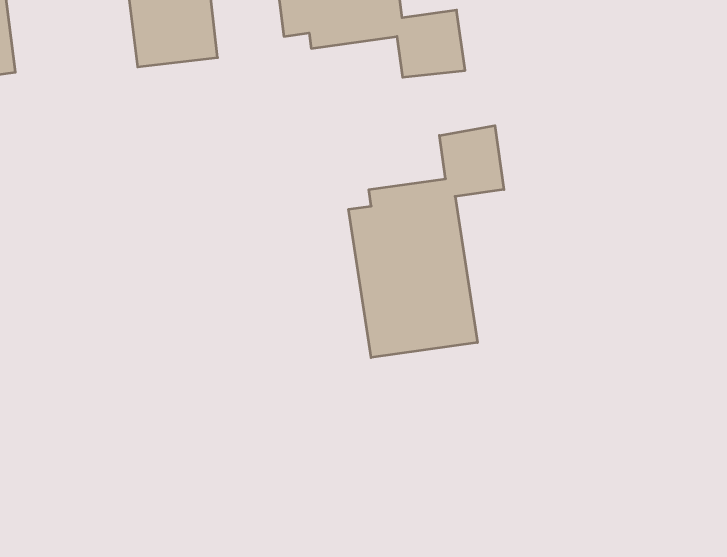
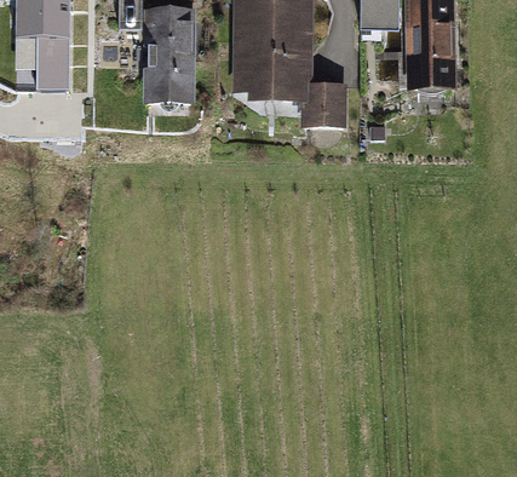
building: [349,126,504,358] -> none

